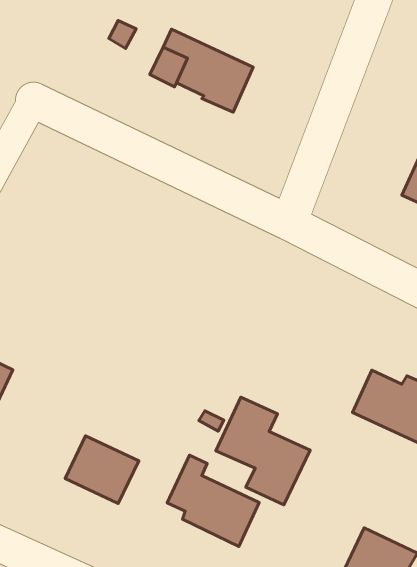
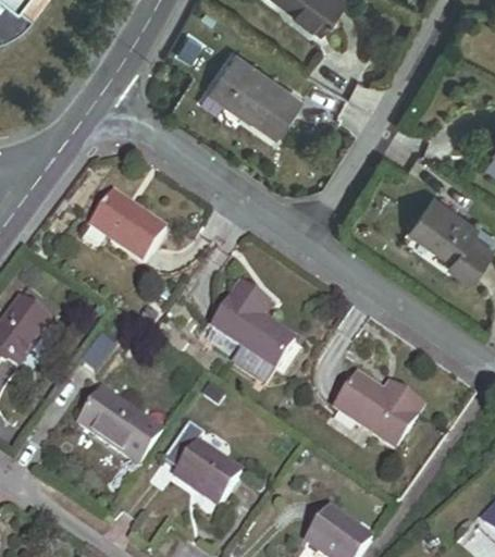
building: none -> [89,190,165,261]
building: [216,397,310,505] -> [211,282,293,381]
building: none -> [120,418,162,465]

